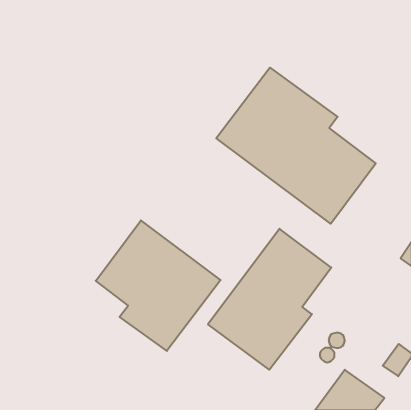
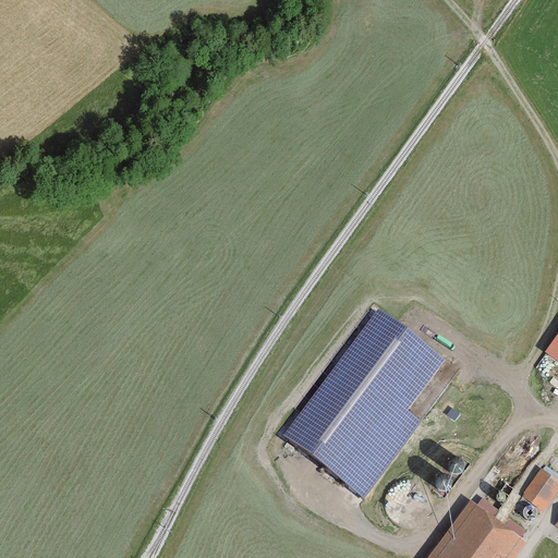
building: [216,68,376,224] -> none
building: [96,220,221,351] -> none

